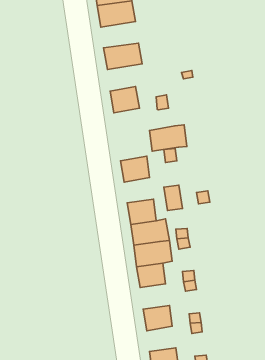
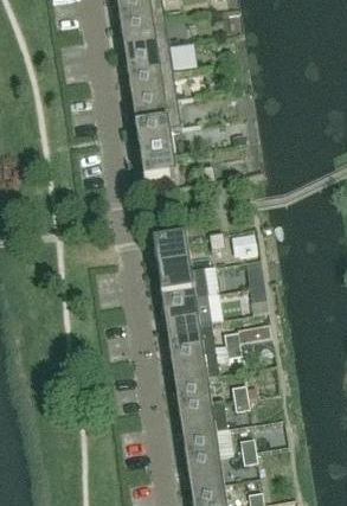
building: none -> [129,69,176,102]
building: none -> [137,122,181,156]
building: [149,125,187,151] -> [159,264,206,297]
building: none -> [179,398,227,431]
building: none -> [187,453,224,485]

